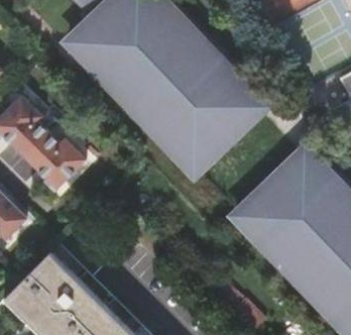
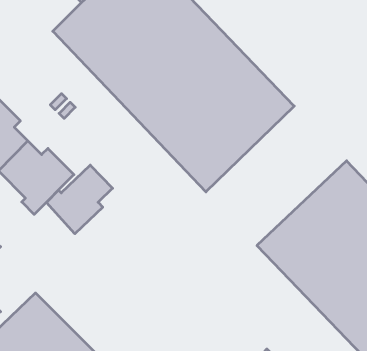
building: none -> [46,165,113,234]

